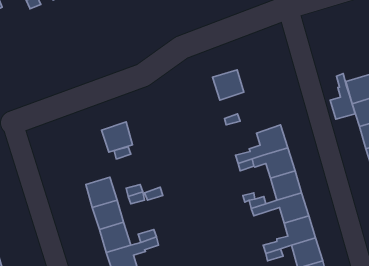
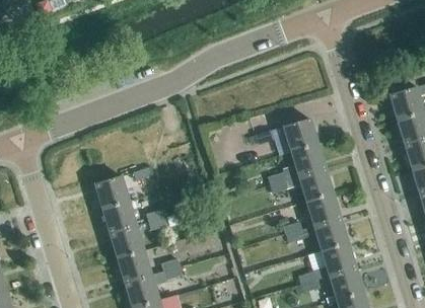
building: [212,70,244,100] -> [283,118,317,151]
building: [330,74,355,119] -> none
building: [101,122,133,152] -> [94,174,129,208]

